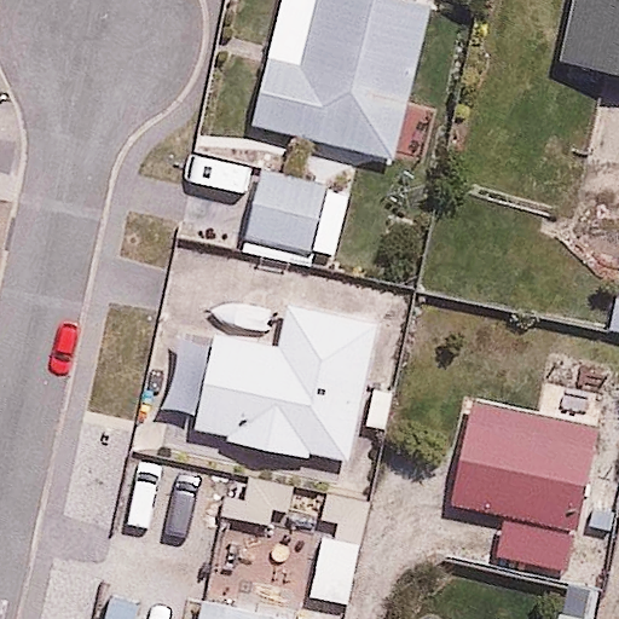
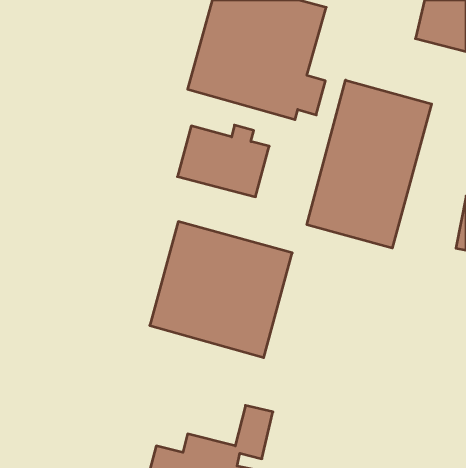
building: none -> [307,80,432,248]
building: [456,403,597,530] -> none

